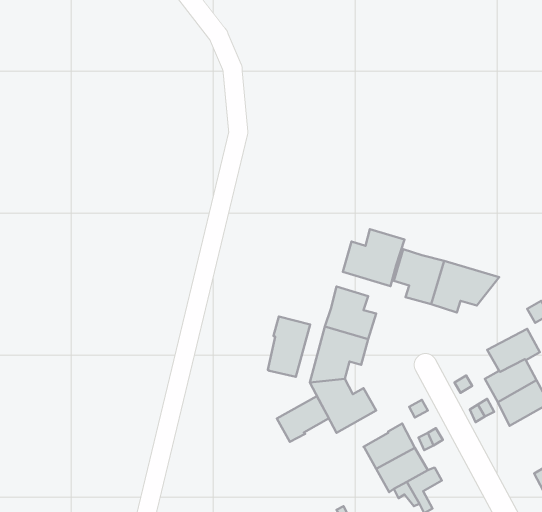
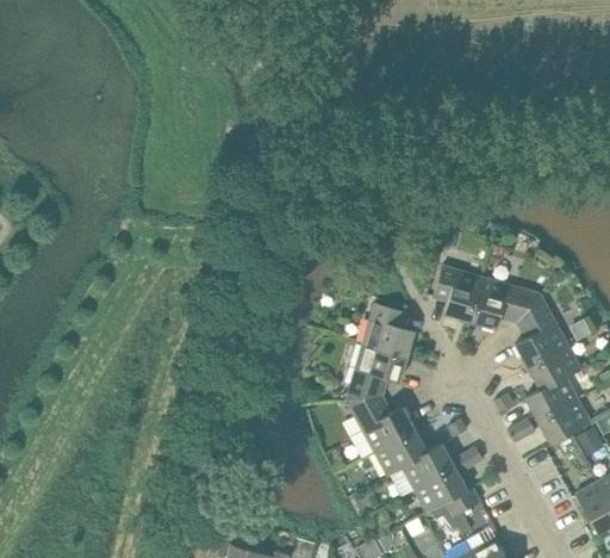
building: [343,229,405,286] -> none
building: none -> [516,294,568,368]
building: [268,317,310,377] -> none
building: [277,396,328,442] -> [374,430,427,477]

